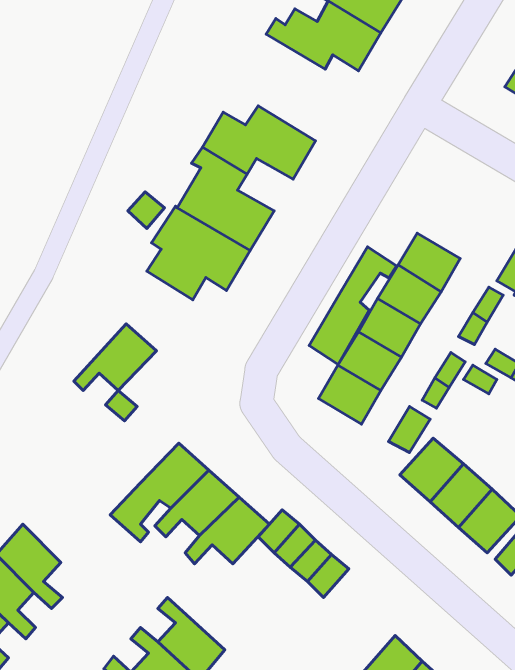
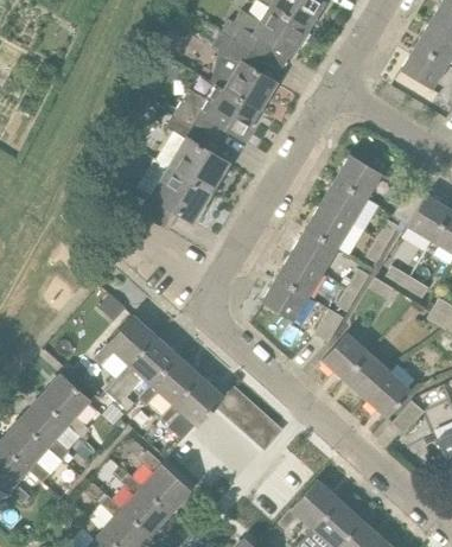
building: none -> [214,31,276,110]
building: none -> [336,154,383,198]
building: [309,247,397,364] -> none
building: [74,324,156,391] -> [96,316,158,365]
building: none -> [42,374,93,437]

